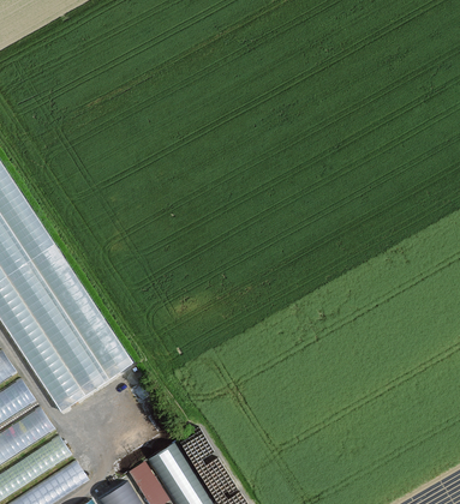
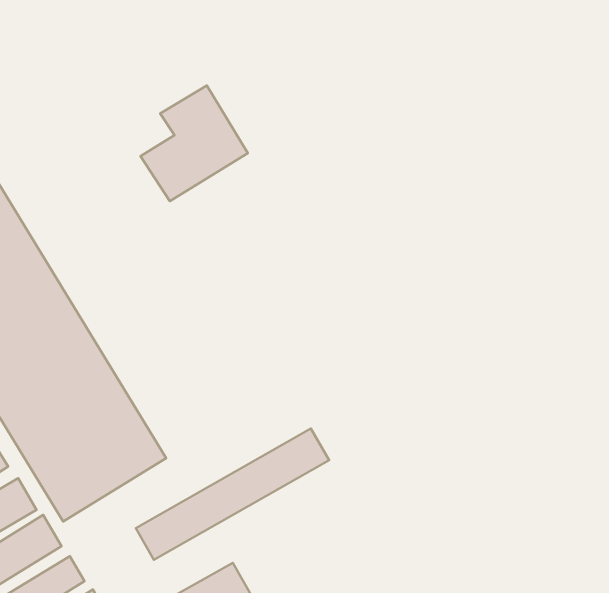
building: none -> [140,86,248,201]
building: none -> [136,429,329,560]

